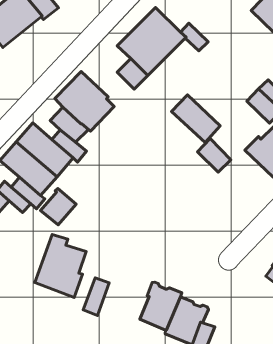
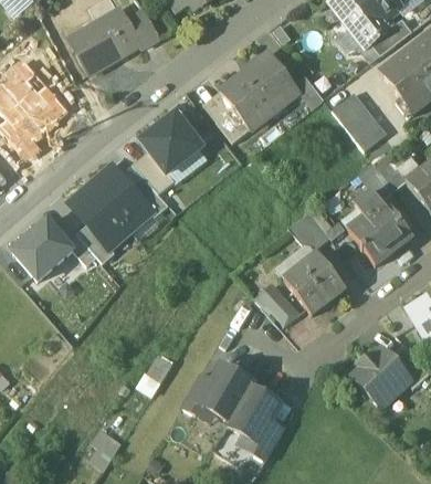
building: [172,95,220,143] -> [332,93,385,150]
building: none -> [284,254,344,315]
building: [41,188,76,225] -> none
building: none -> [254,280,302,326]
building: [35,235,86,298] -> none
building: none -> [180,371,216,414]

